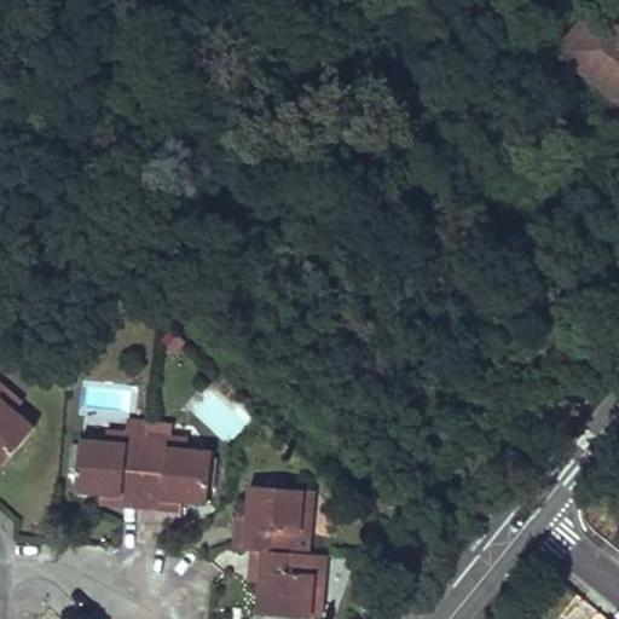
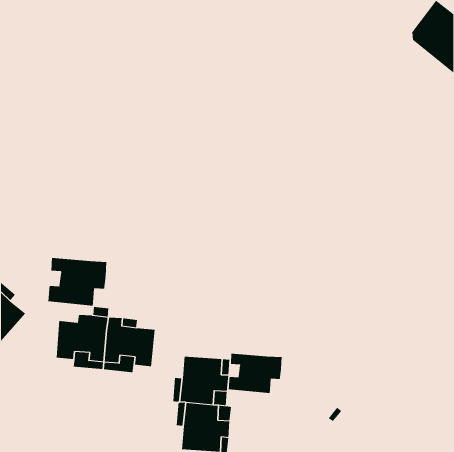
building: none -> [48,257,107,306]
building: none -> [228,353,282,394]

